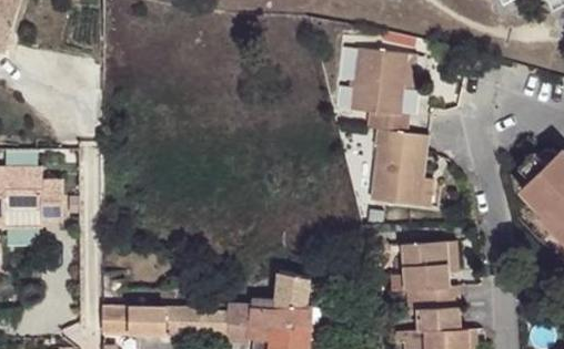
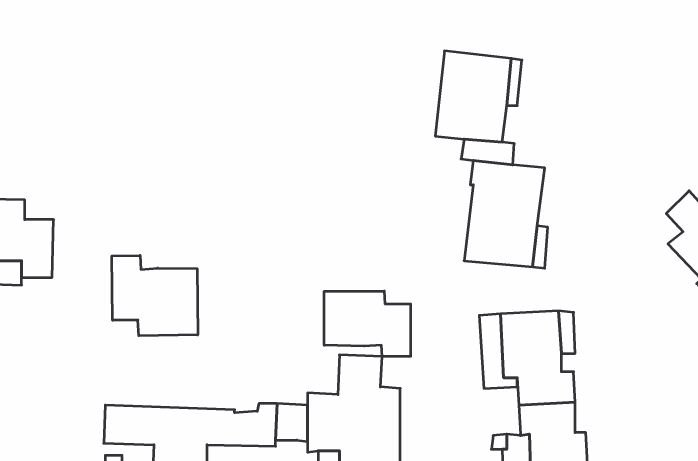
building: none -> [112,255,198,336]
building: none -> [324,291,411,357]

